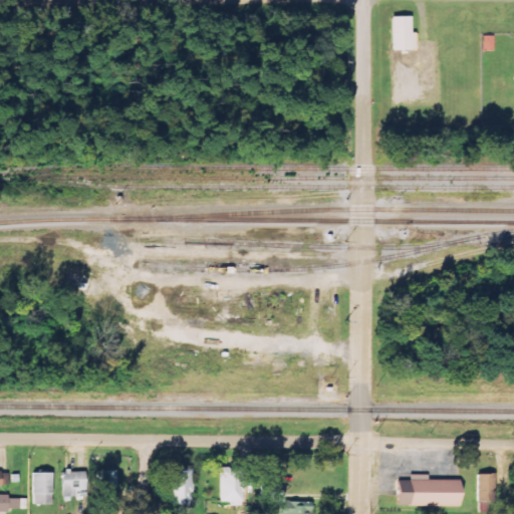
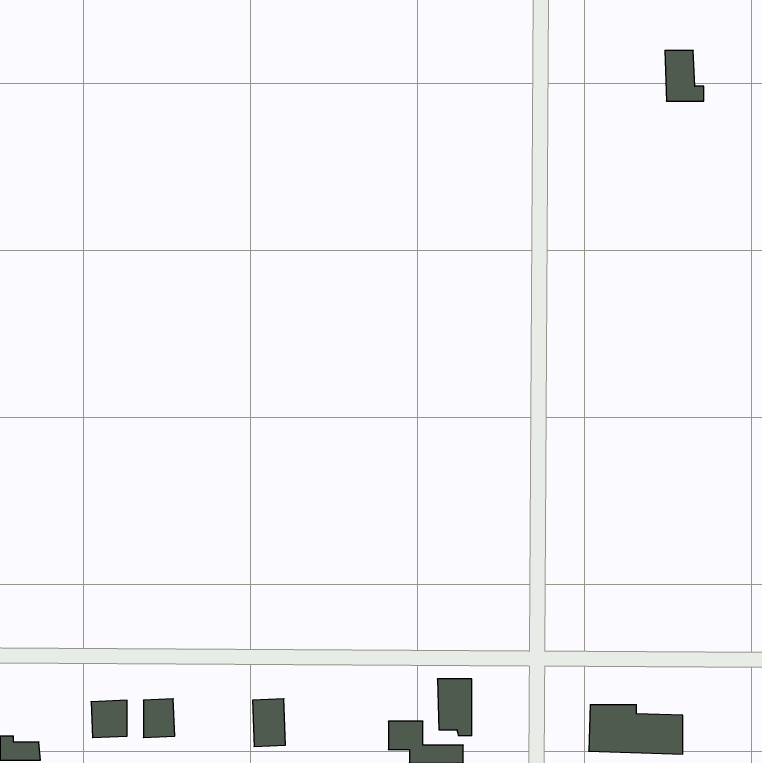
building: [393,16,419,50] -> [665,50,704,101]
building: [220,468,243,506] -> [437,679,472,736]
building: [34,473,53,505] -> none
building: [478,473,497,501] -> none

